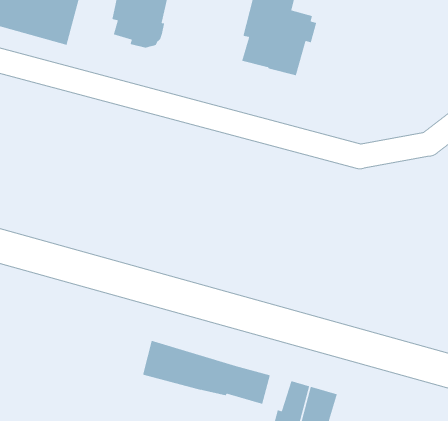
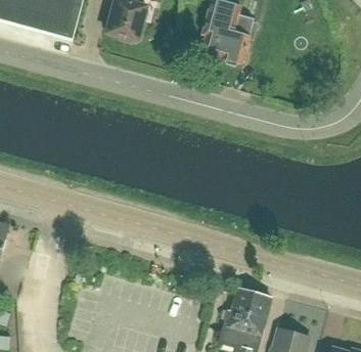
building: [142,340,271,405] -> none

